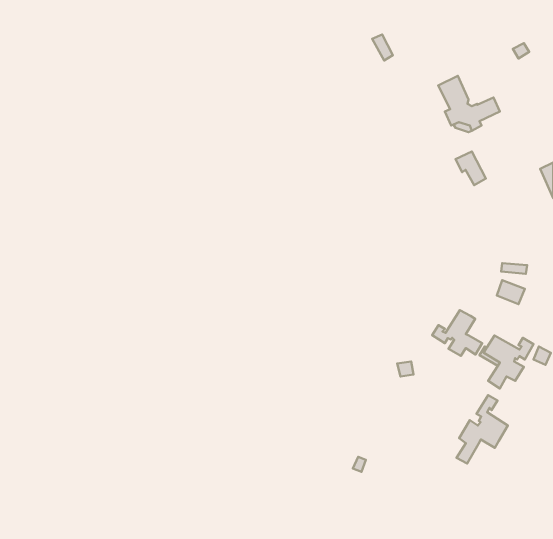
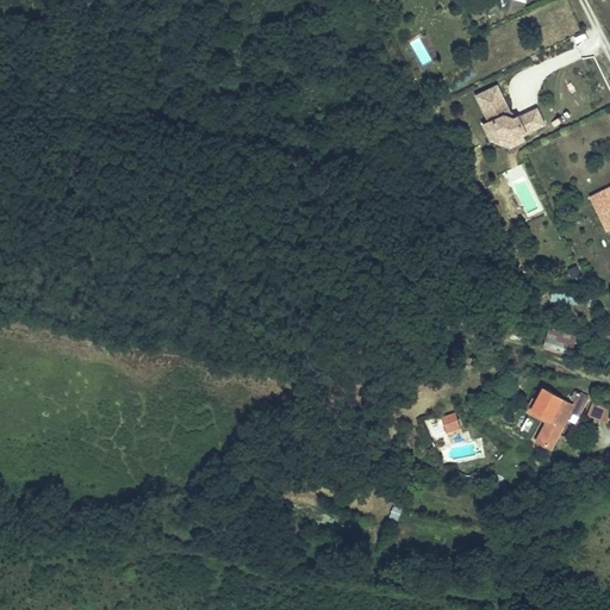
building: [432,310,482,356] -> none
building: [457,395,508,463] -> none

